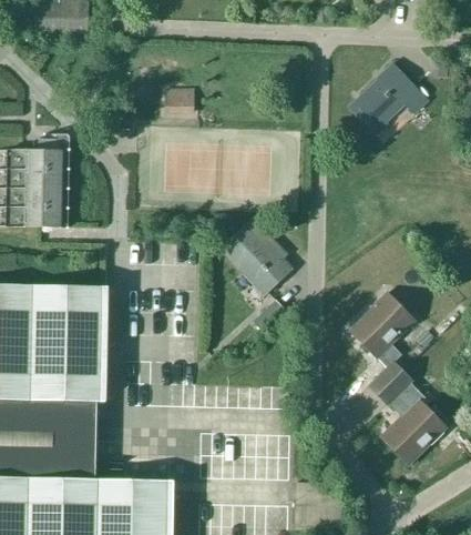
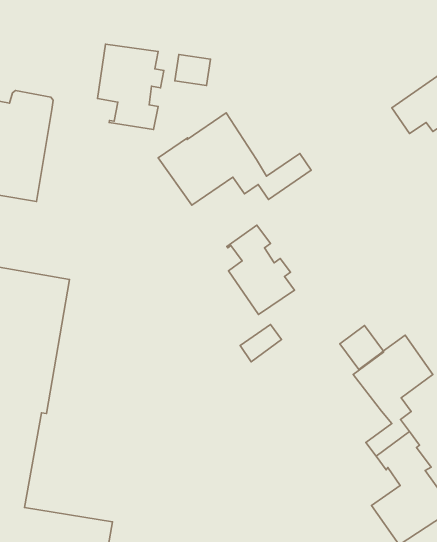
building: none -> [97,44,164,129]
building: none -> [158,113,311,205]
building: none -> [340,326,383,369]

